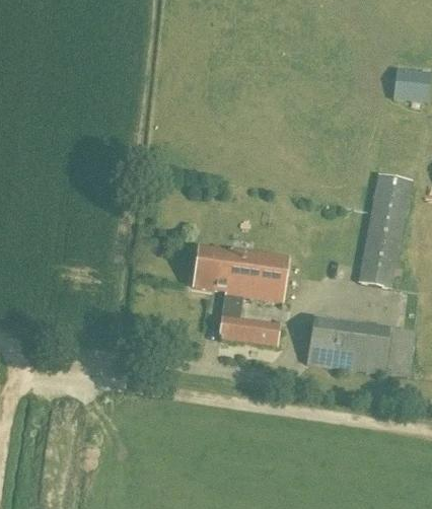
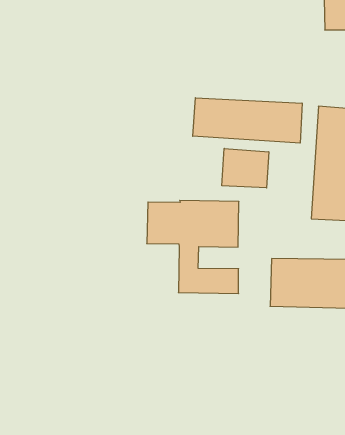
building: none -> [193,98,302,143]
building: none -> [222,148,269,188]

